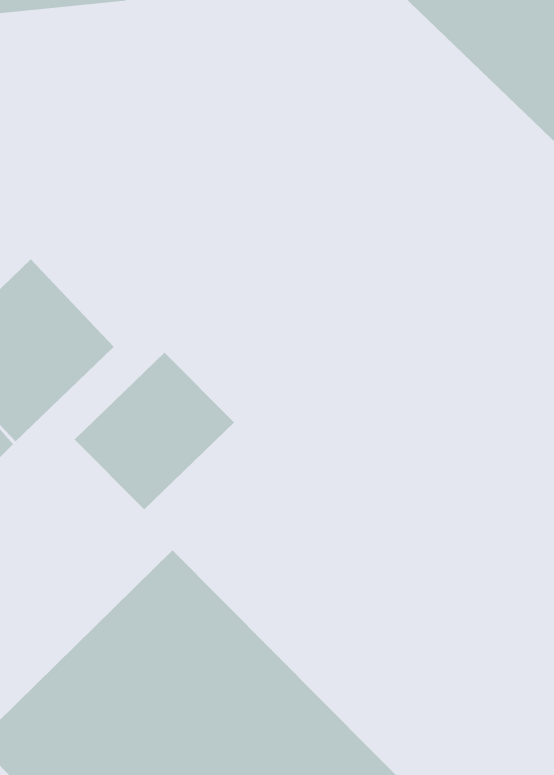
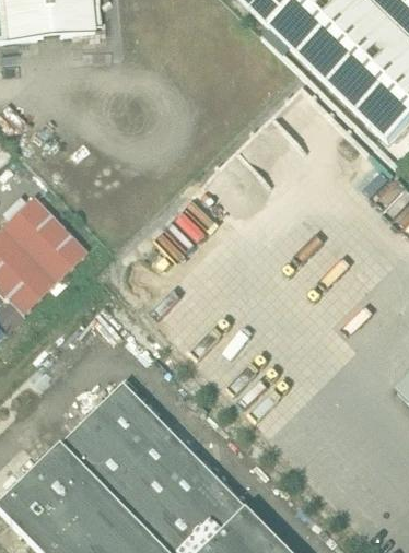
building: [74,352,235,510] -> none

